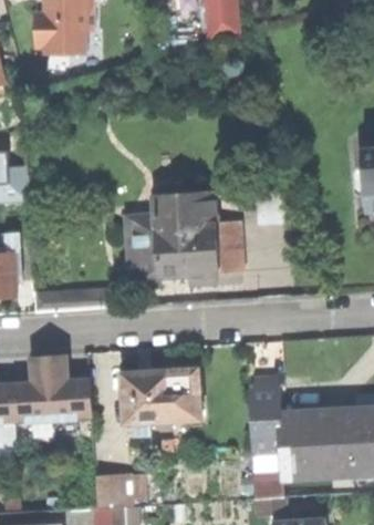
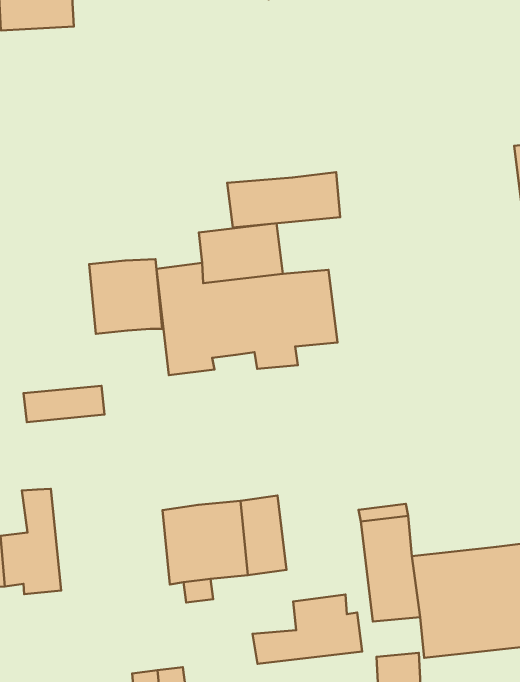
building: none -> [227,172,340,227]
building: none -> [89,259,162,334]
building: [50,353,93,421] -> none
building: none -> [253,594,362,664]

